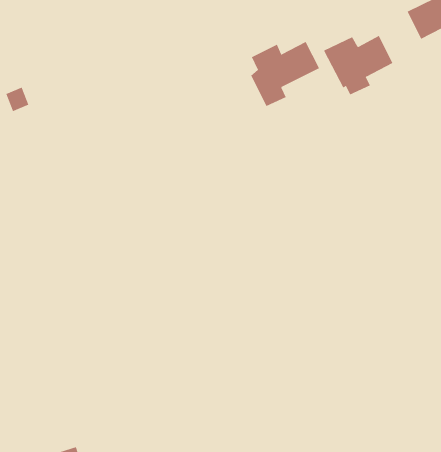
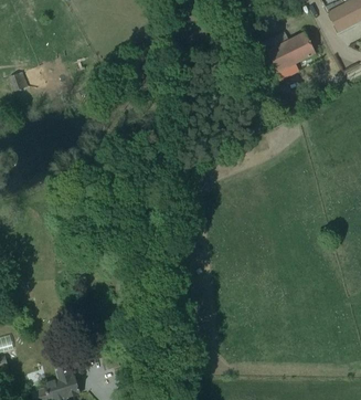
building: [250,41,320,107] -> none

